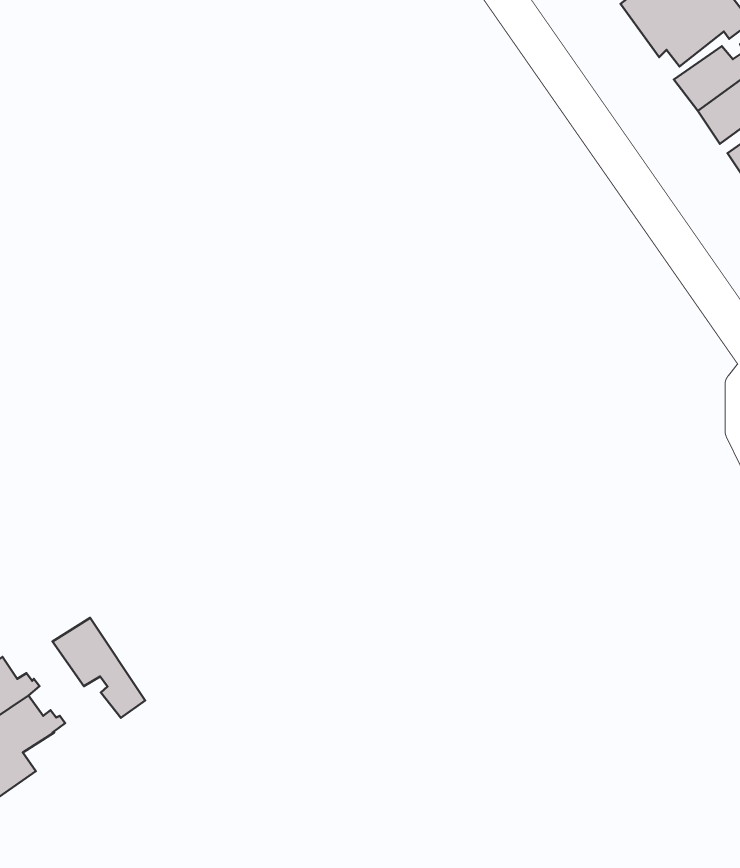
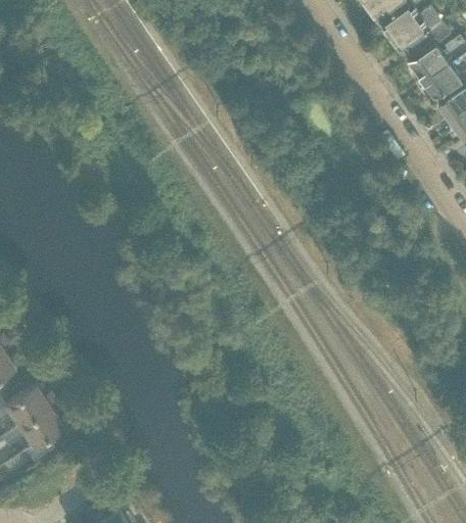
building: [52,618,145,718] -> none

